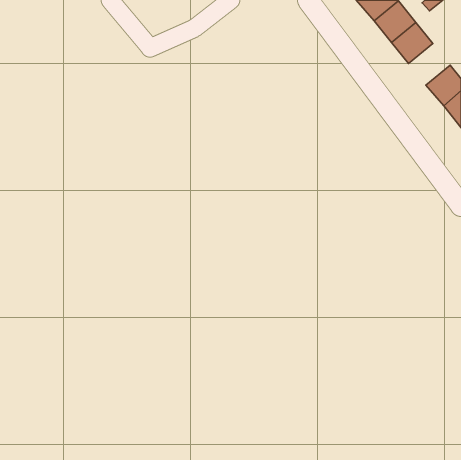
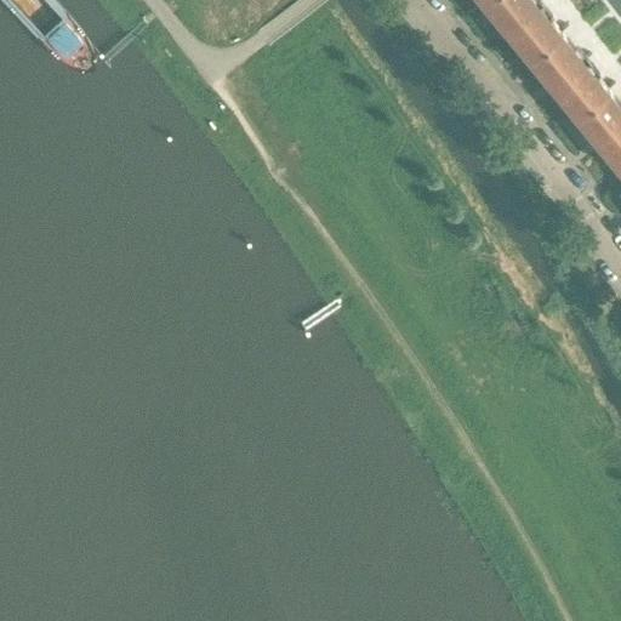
building: none -> [548,62,604,118]

